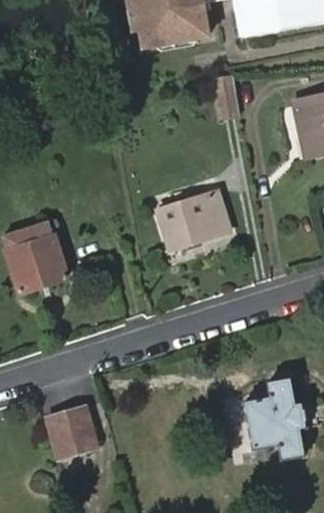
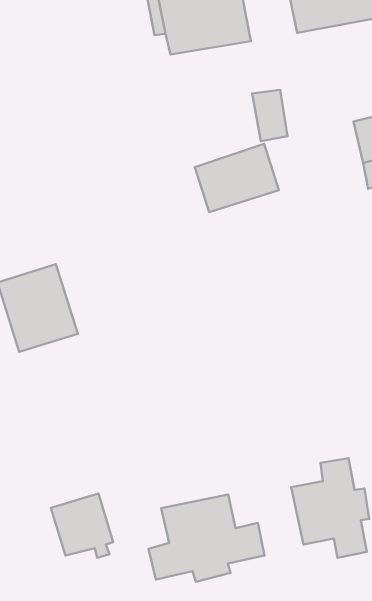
building: [158,192,228,248] -> [195,144,279,212]
building: none -> [148,494,265,582]

